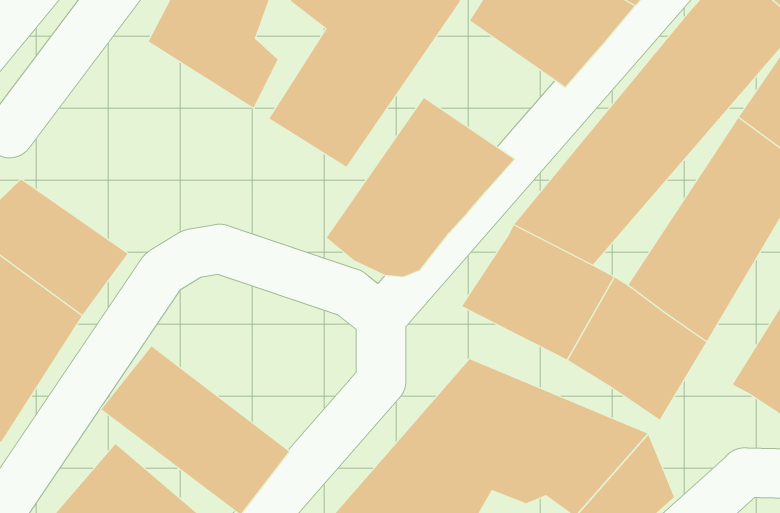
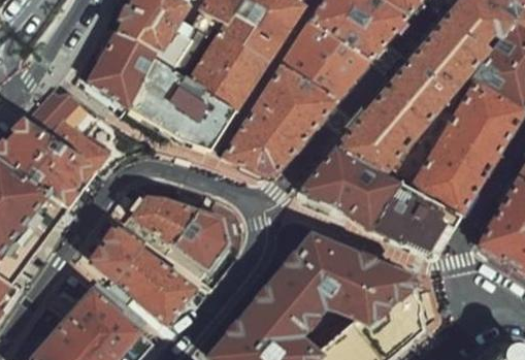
building: none -> [283,17,372,104]
building: none -> [84,30,234,157]
building: none -> [28,86,109,164]
building: none -> [119,189,230,276]

